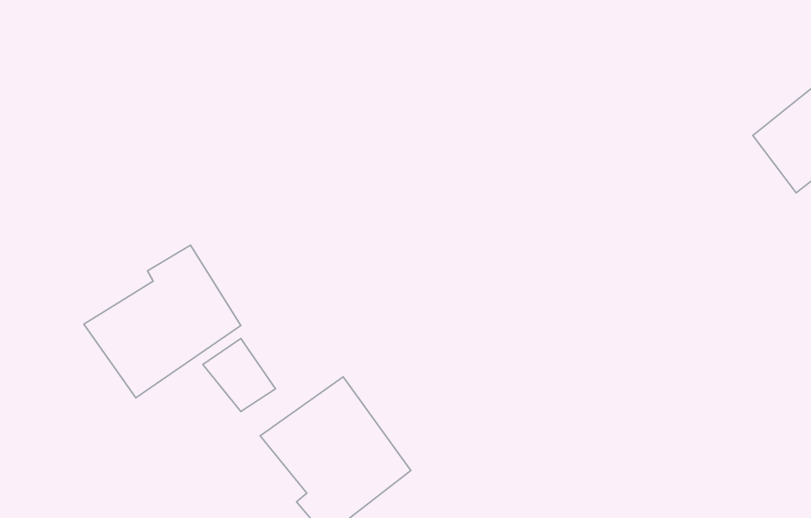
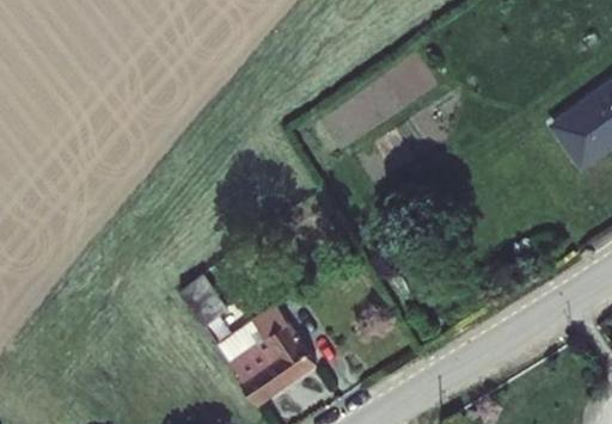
building: [84,245,241,398] -> none

